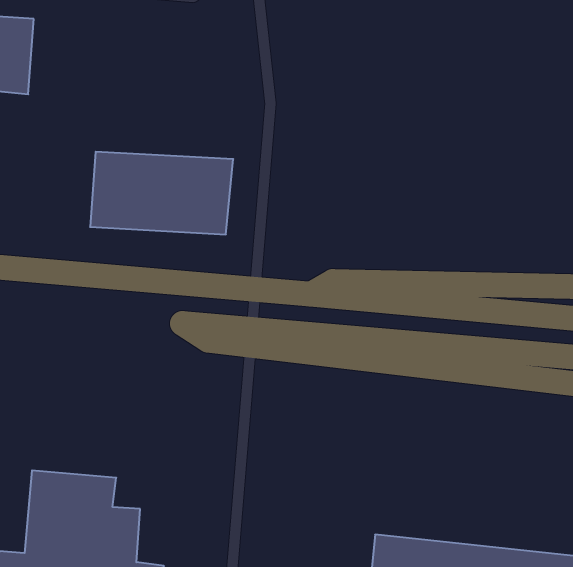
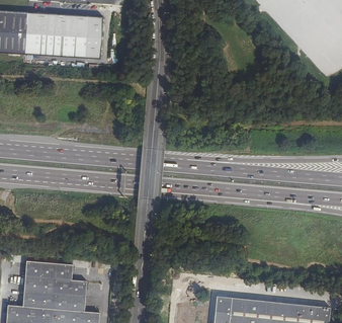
building: [90,152,233,234] -> [24,12,103,58]

